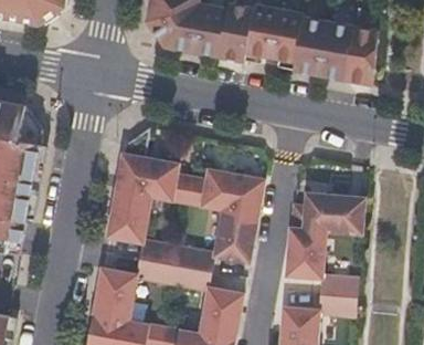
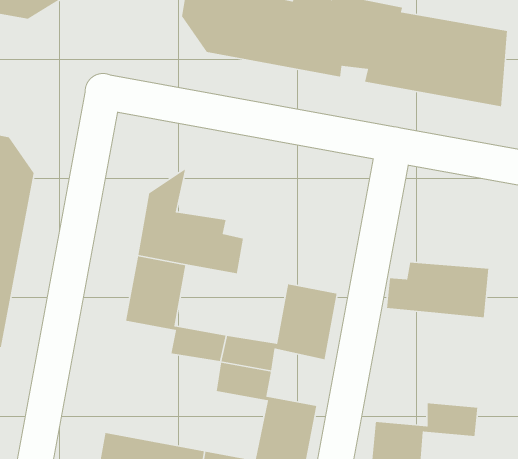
building: [187,169,263,216] -> none
building: [286,227,358,296] -> none
building: [93,259,174,321] -> none

